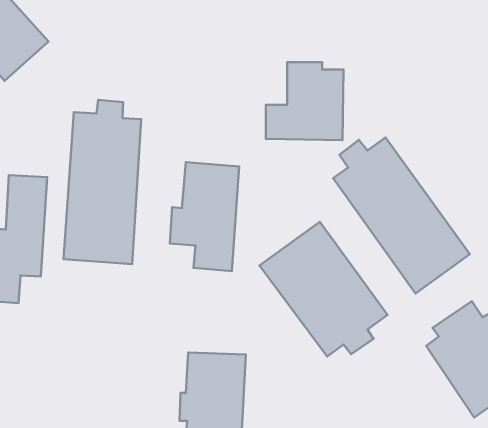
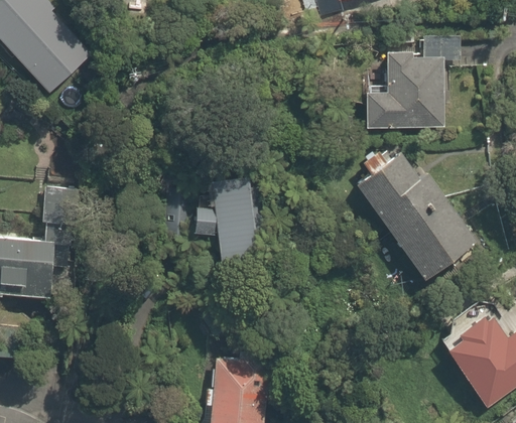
building: [266,62,344,140] -> [369,52,442,126]
building: [64,100,141,264] -> none
building: [260,222,387,357] -> none

